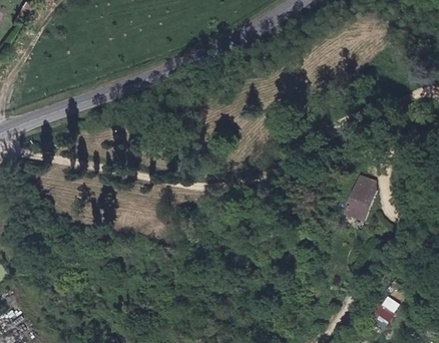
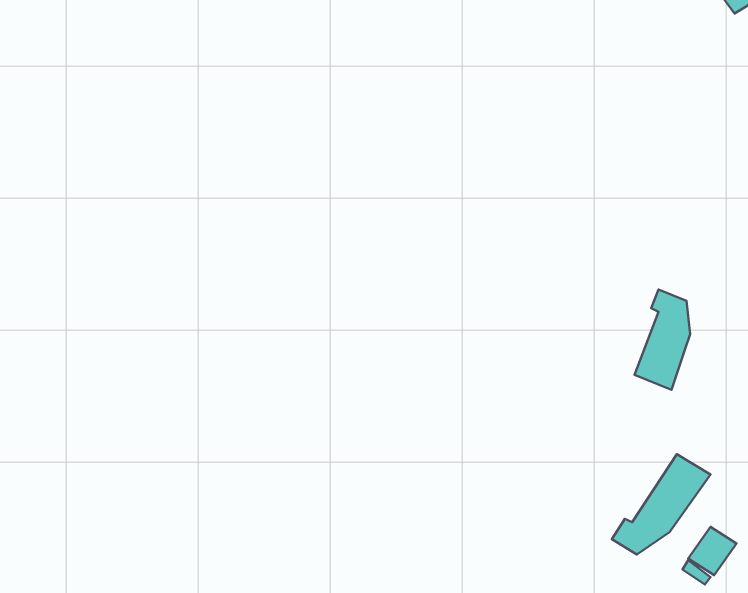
building: none -> [612,454,710,554]

